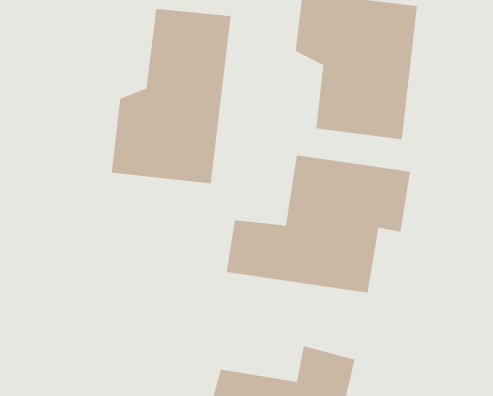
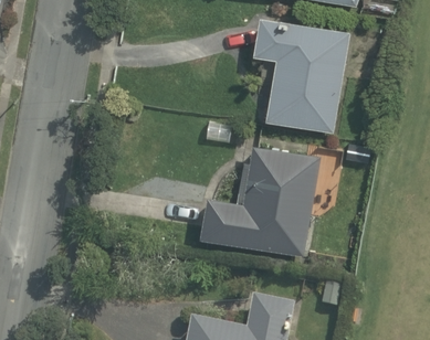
building: [111,8,231,184] -> none

